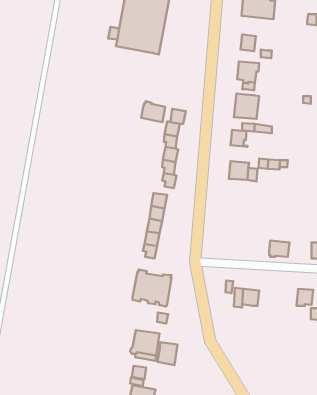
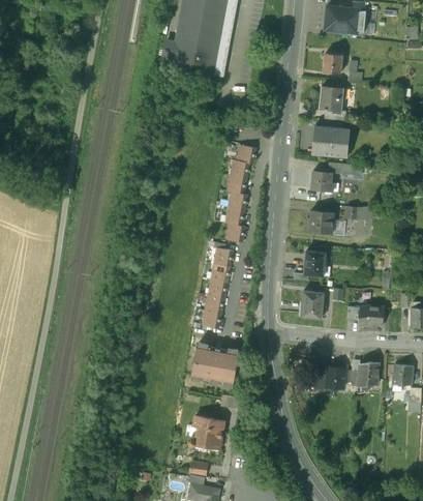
building: [141,101,165,122] -> none
building: none -> [304,249,326,275]
building: none -> [300,290,324,318]
building: none -> [358,363,379,386]
building: [158,342,177,365] -> none

